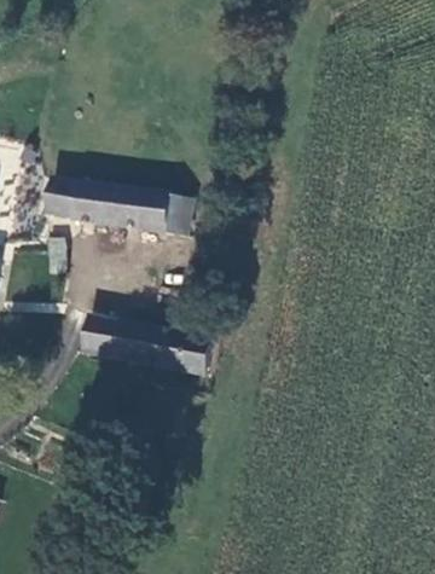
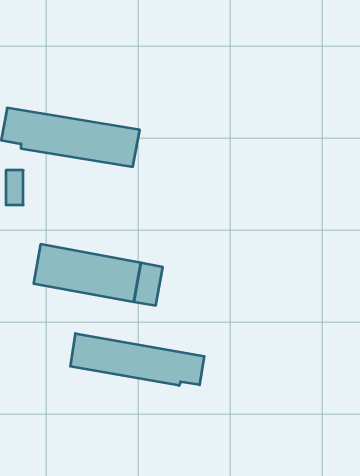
building: none -> [70,333,204,386]

